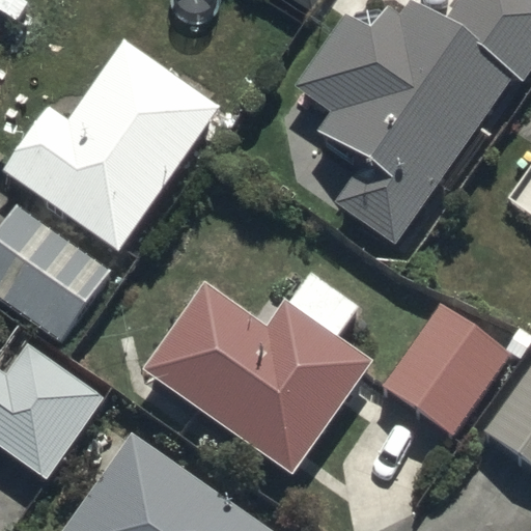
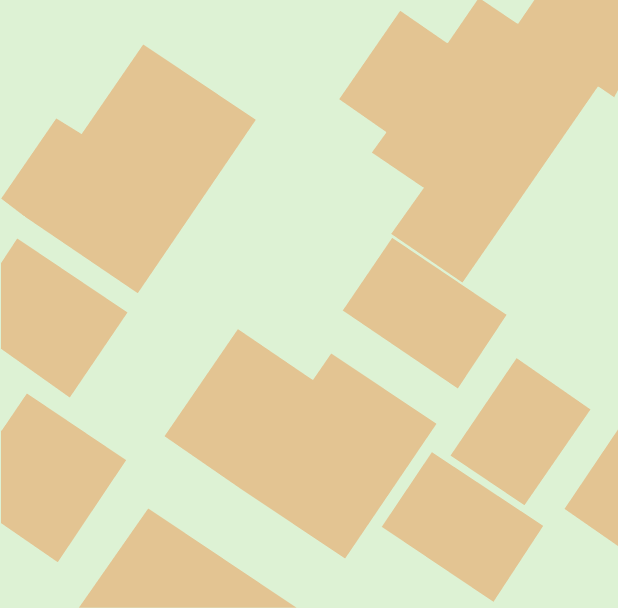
building: none -> [342,237,508,390]
building: none -> [381,451,544,603]

